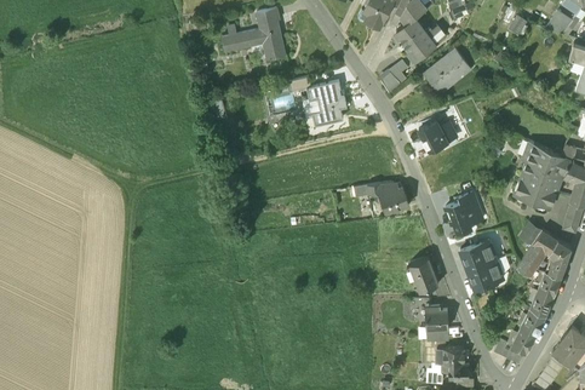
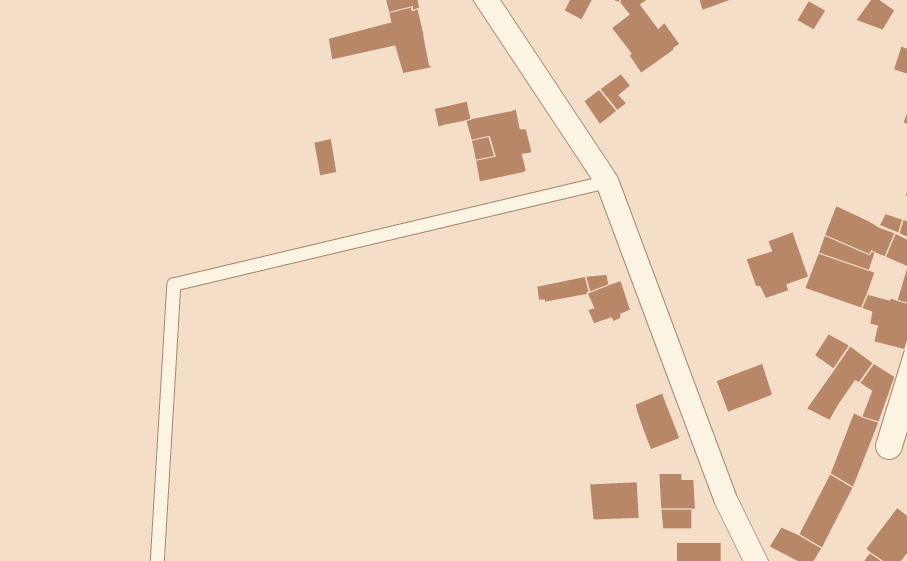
building: [425,51,470,93] -> none
building: [418,121,455,150] -> none
building: [445,190,483,231] -> [746,231,809,298]
building: [468,258,503,288] -> none
building: none -> [589,481,639,520]

